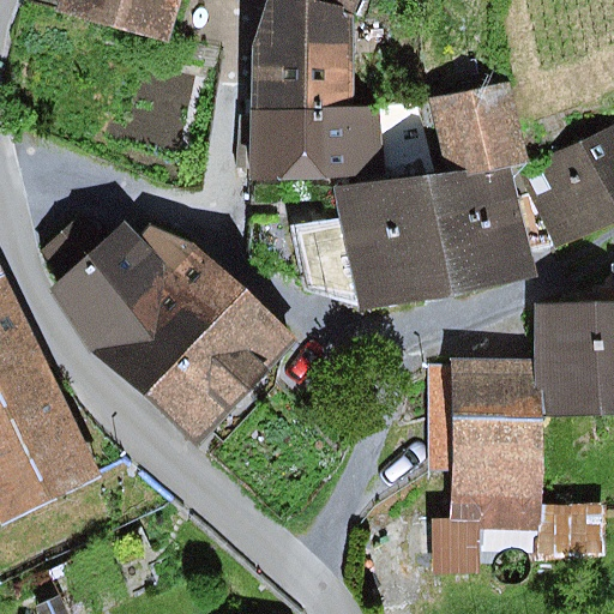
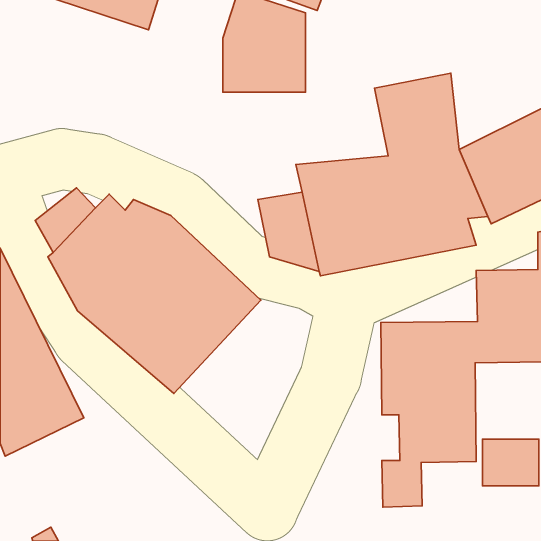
building: [239,103,384,179] -> none

